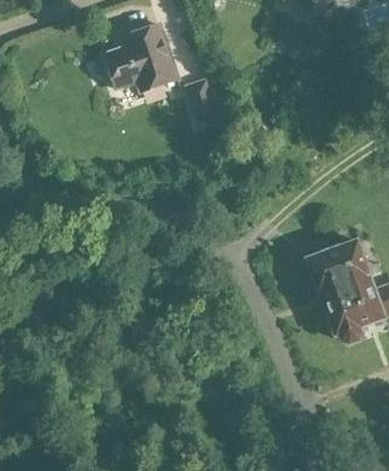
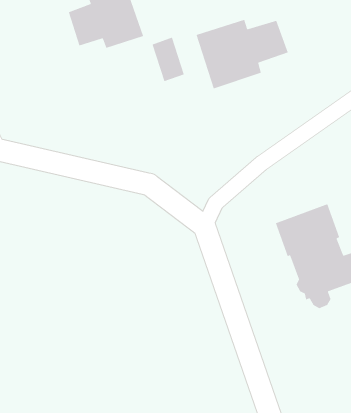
building: none -> [195,19,289,90]

